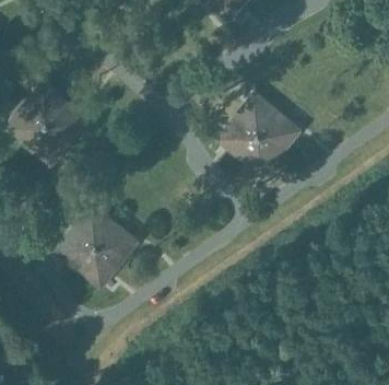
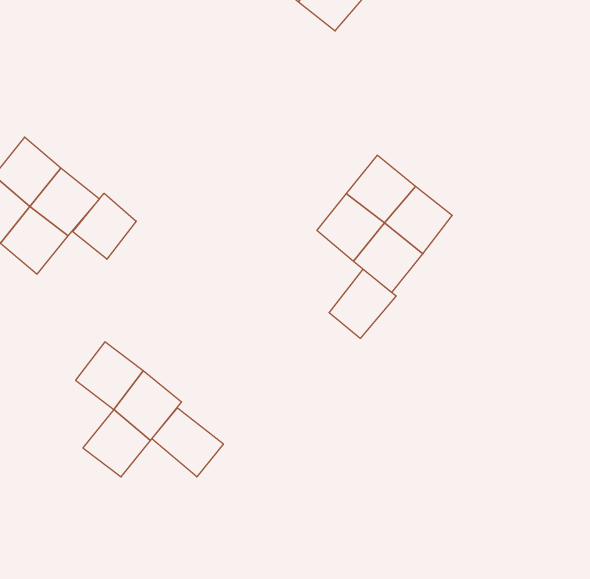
building: none -> [73,193,136,259]
building: none -> [329,269,396,338]
building: [54,229,95,269] -> none
building: none -> [152,408,223,477]

